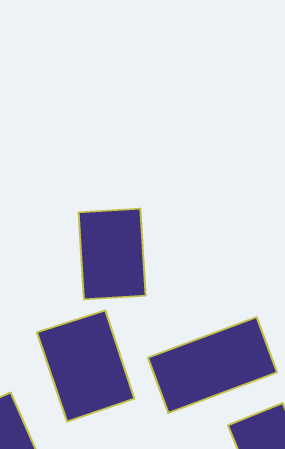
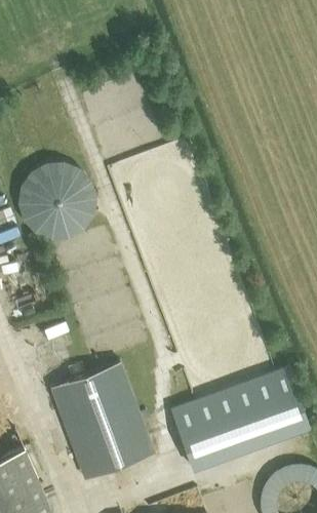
building: none -> [17,163,95,241]
building: [79,208,145,300] -> none

